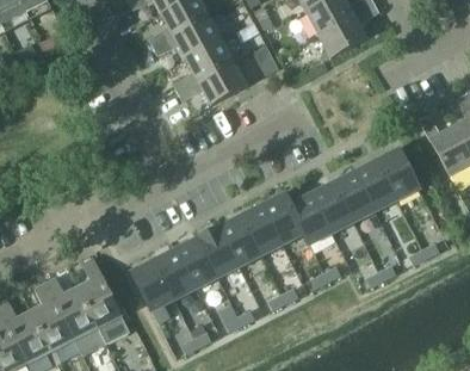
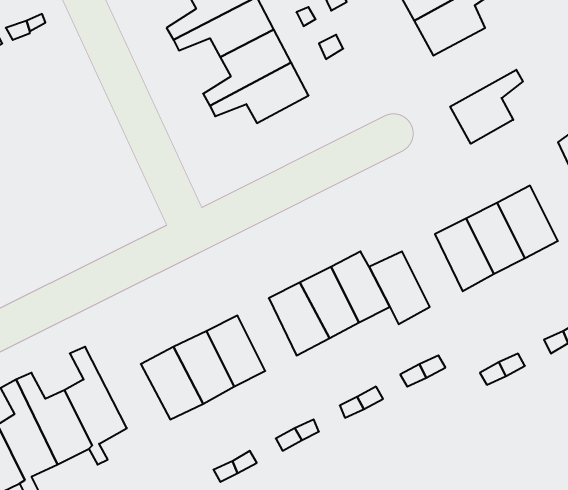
building: none -> [450,70,523,144]
building: [311,181,353,231] -> none
building: [198,225,239,276] -> none

